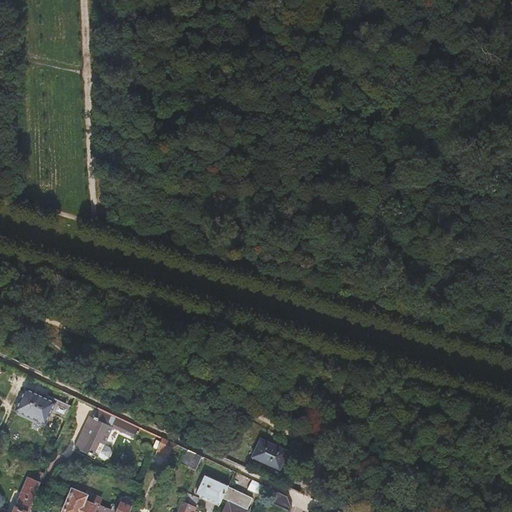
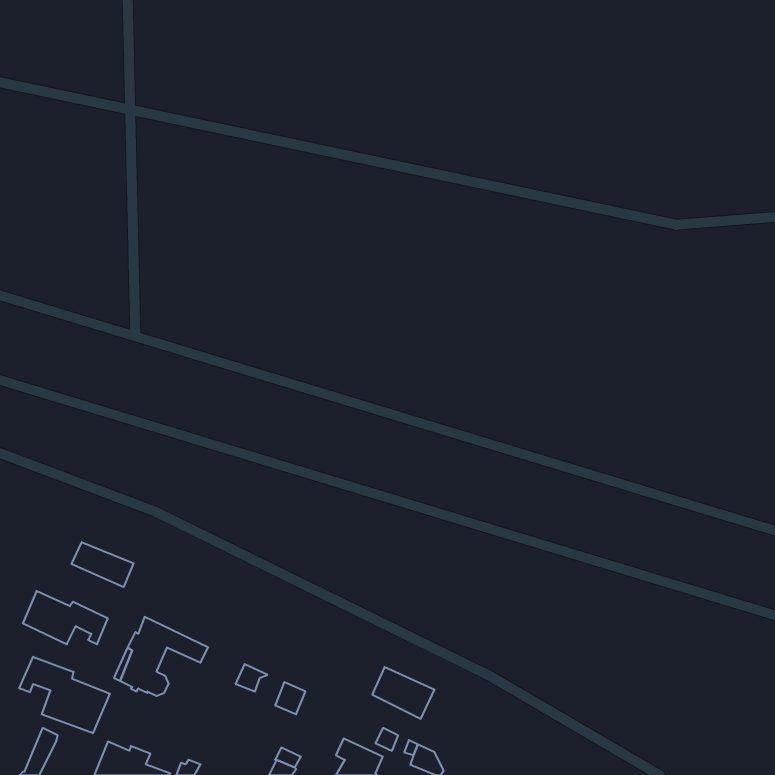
building: none -> [72,542,134,587]
building: none -> [19,657,110,733]
building: [195,475,226,503] -> none

